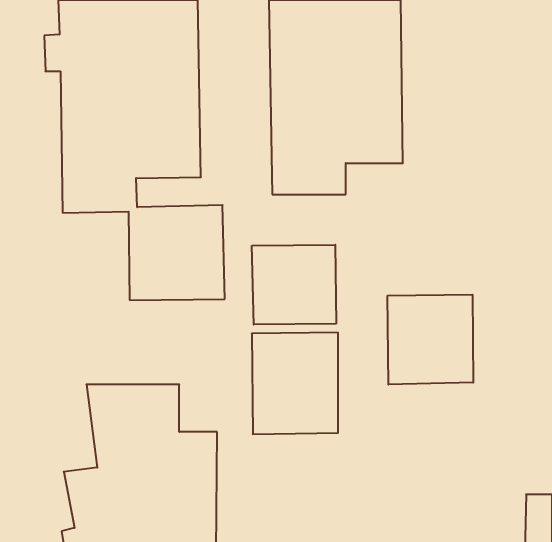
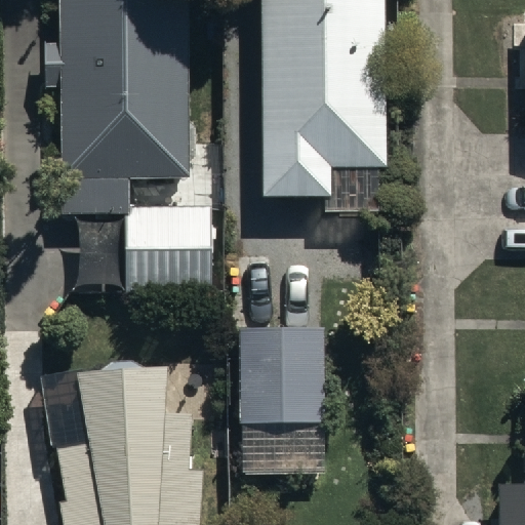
building: [252,245,336,325] -> none
building: [388,295,473,385] -> none

